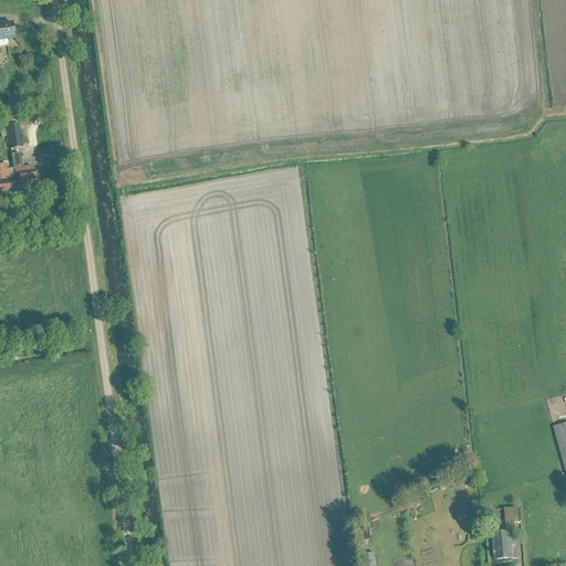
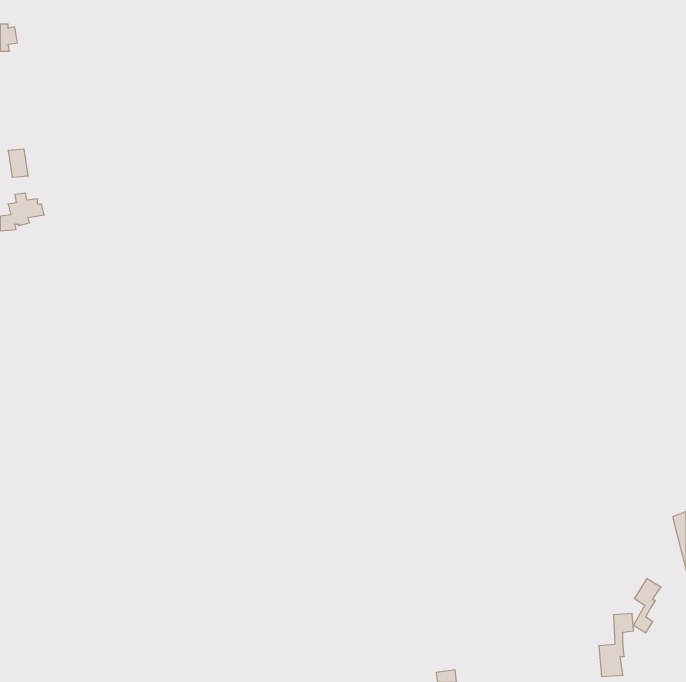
building: none -> [634,578,661,633]

